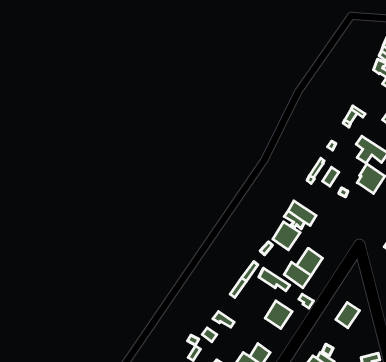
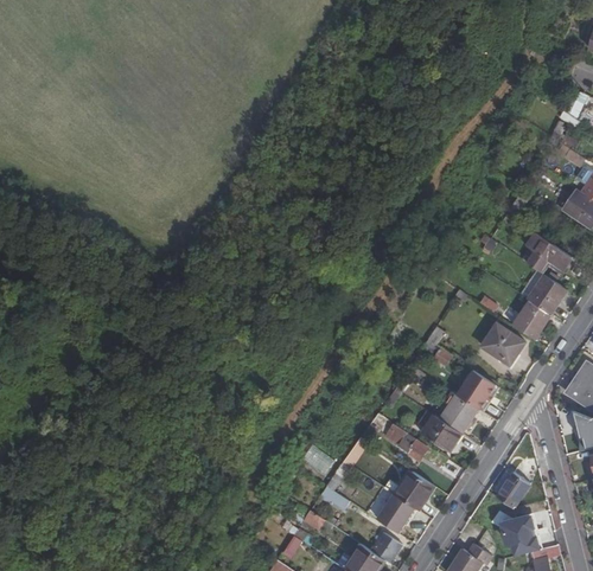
building: none -> [511,300,550,339]
building: none -> [480,323,524,365]
building: [273,222,300,250] -> [457,370,496,410]
building: none -> [376,494,416,533]
building: none -> [499,513,529,545]

